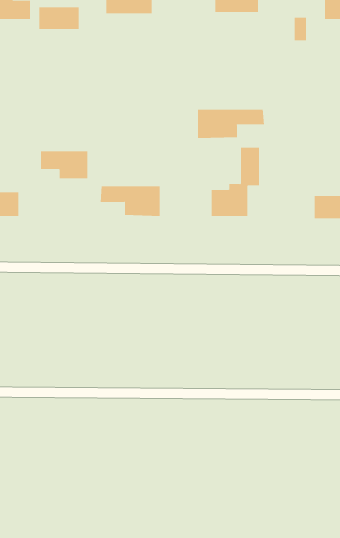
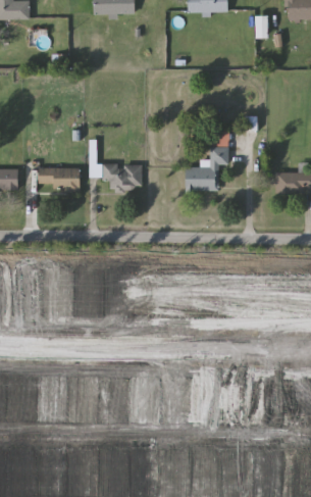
building: [39,7,79,30] -> none
building: [198,109,264,139] -> none
building: [40,151,88,179] -> [38,168,80,193]

